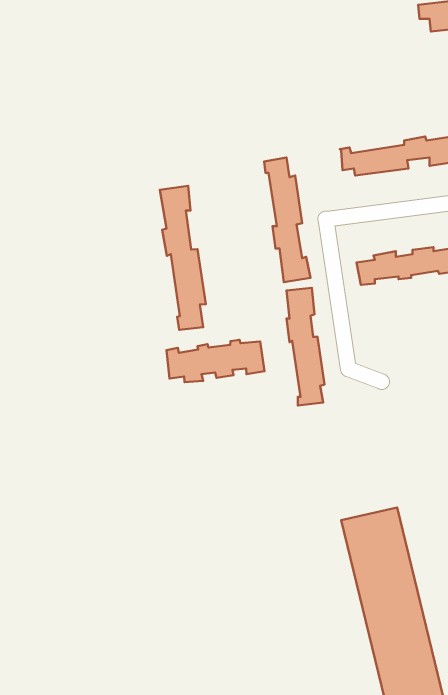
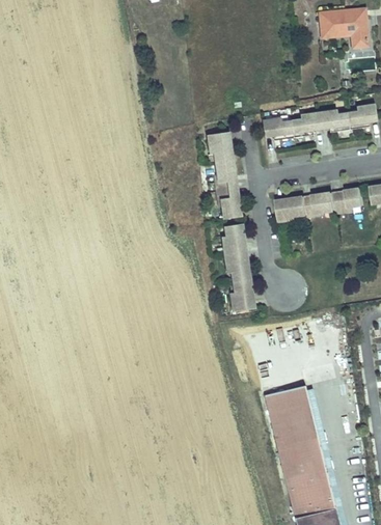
building: [160,186,206,330] -> none
building: [166,340,265,382] -> none

